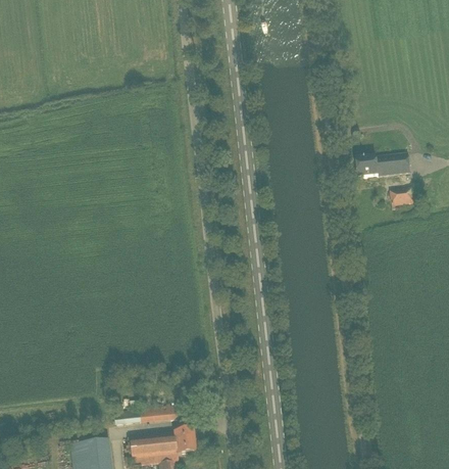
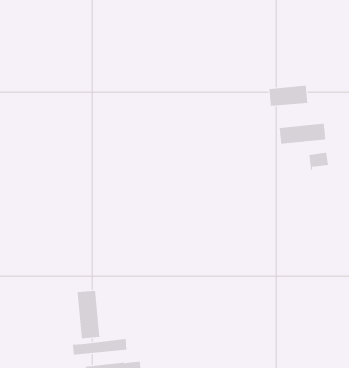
building: none -> [269,85,308,107]
building: none -> [77,290,100,339]

